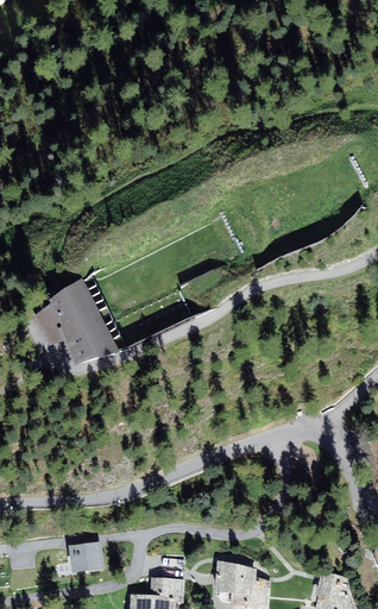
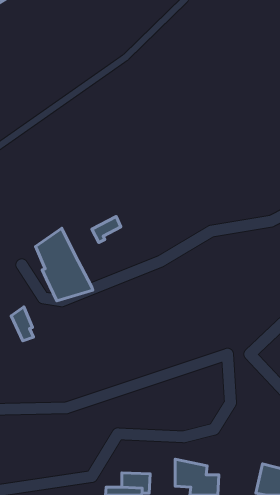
building: none -> [92,217,121,242]
building: [32,304,59,346] -> [11,307,33,341]
building: [67,540,103,571] -> none

